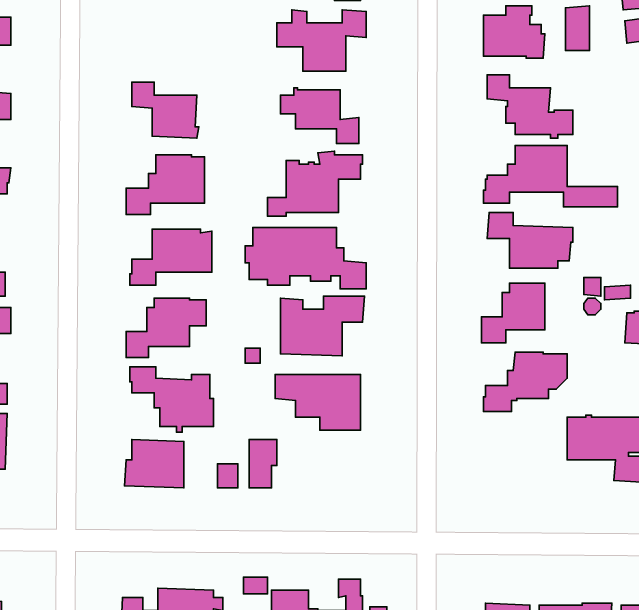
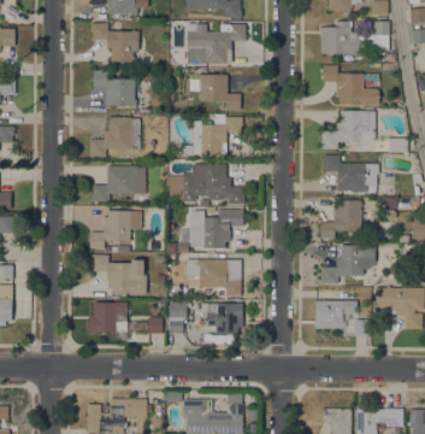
building: none -> [90,23,138,63]
building: none -> [315,300,367,335]
building: none -> [194,303,242,334]

